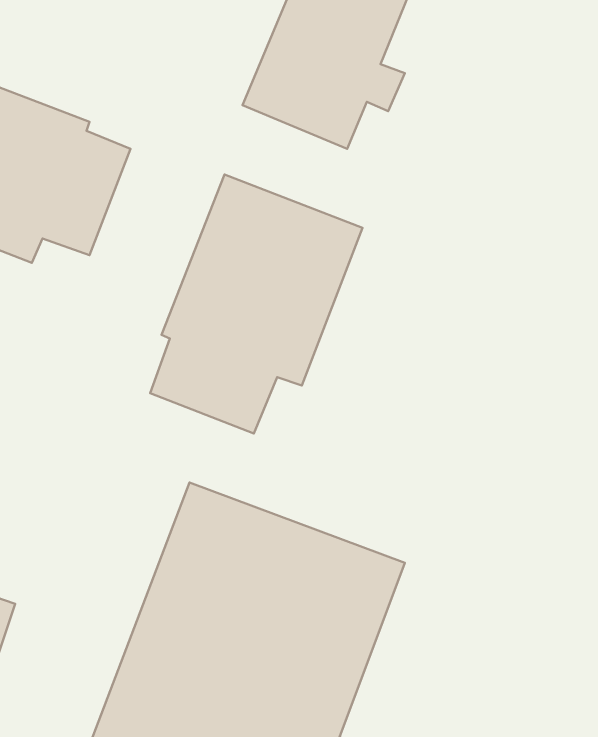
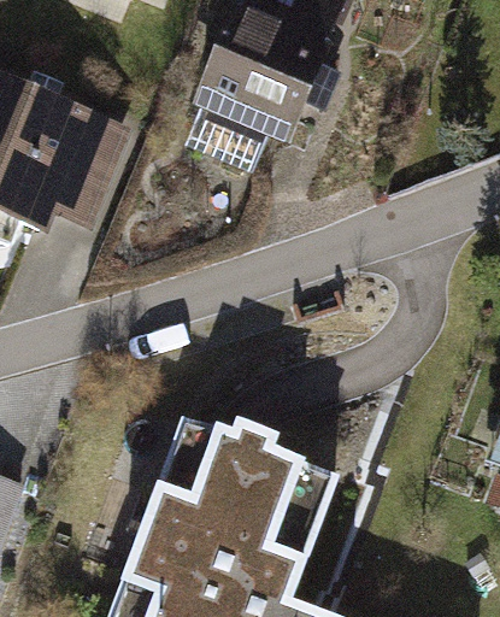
building: [150,175,363,434] -> none

